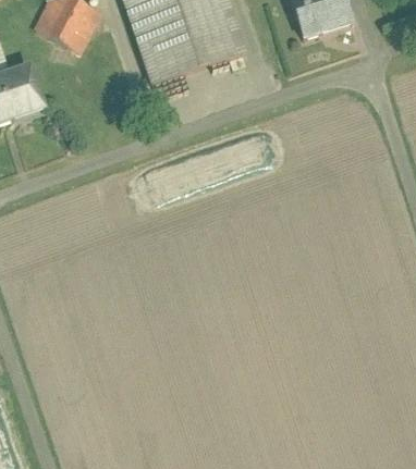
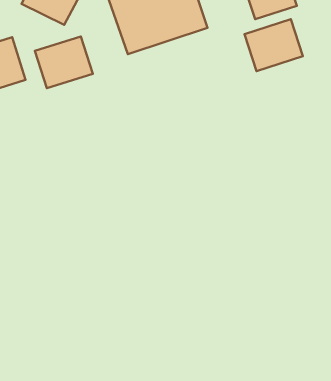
building: none -> [244,19,303,71]
building: none -> [35,36,93,88]

